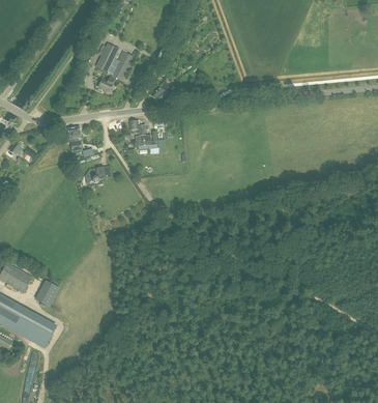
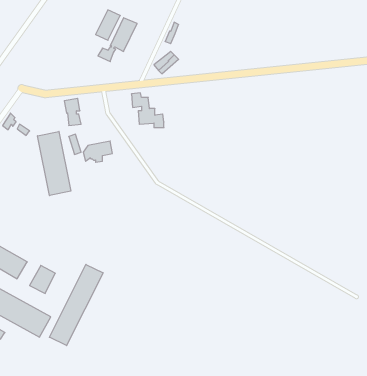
building: none -> [38,131,71,196]
building: none -> [49,264,103,346]

